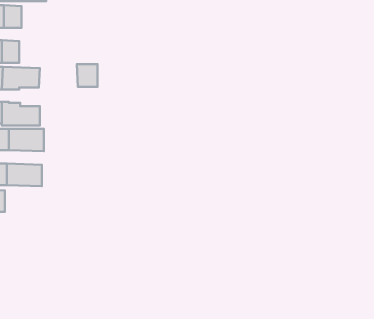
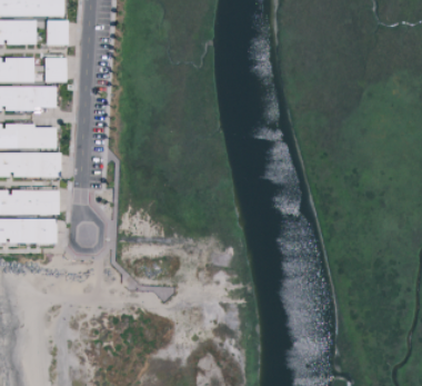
building: none -> [48,20,70,44]
building: [77,64,97,87] -> [46,58,68,82]
building: none -> [20,219,58,244]

